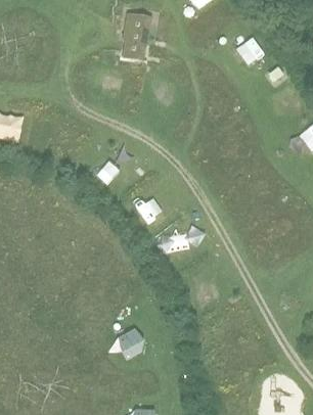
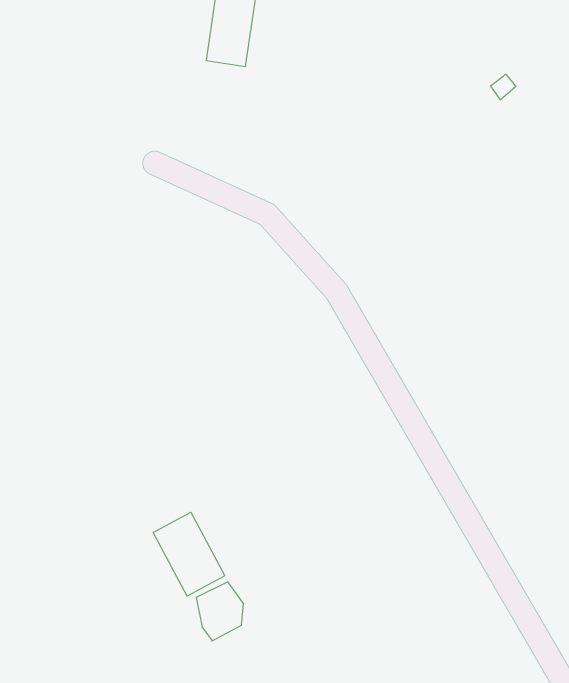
building: none -> [153,512,225,596]

